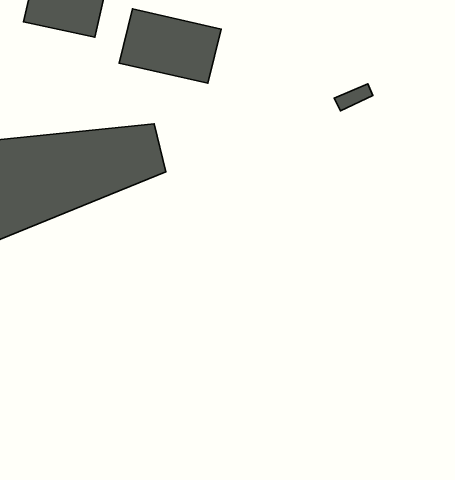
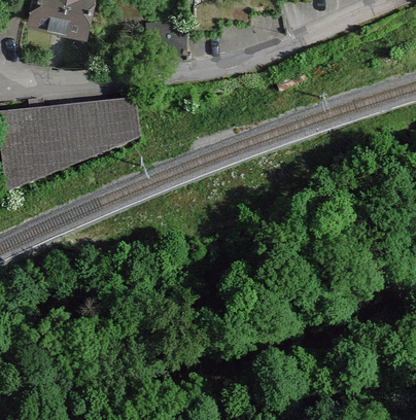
building: [119,9,221,83] -> none

